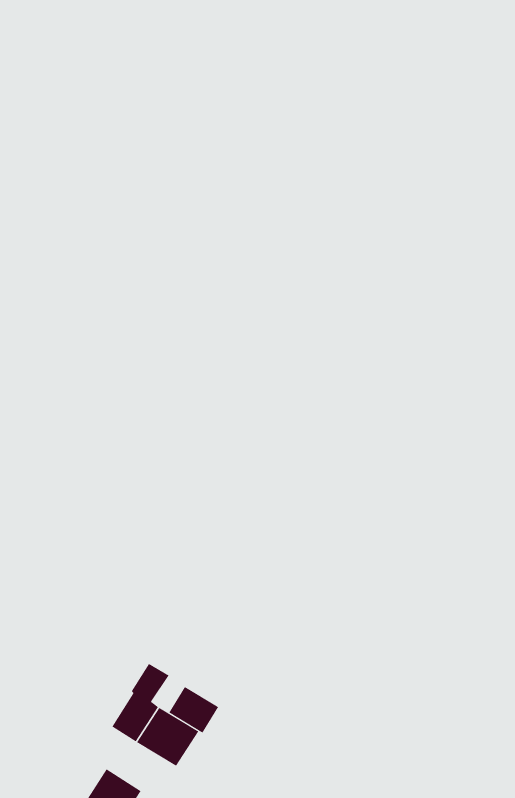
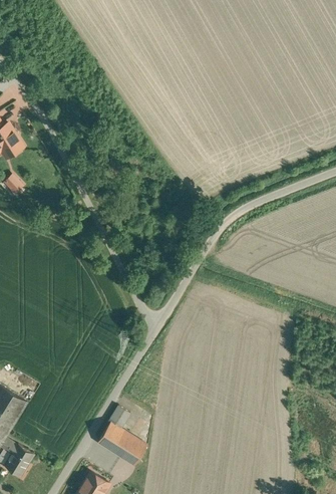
building: [169,686,219,734] -> none

